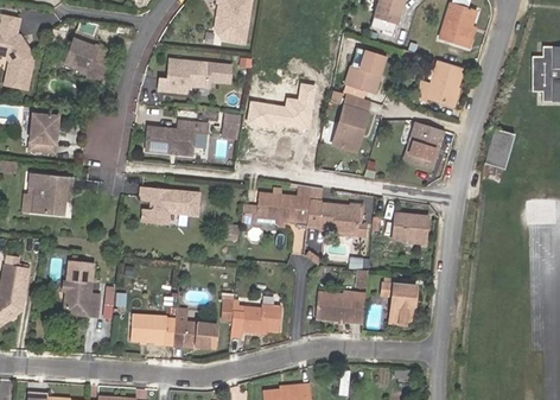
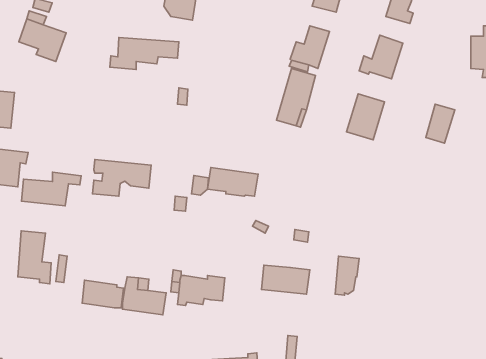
building: [248,82,319,131] -> none
building: [148,121,210,155] -> [21,172,81,206]
building: [308,202,362,237] -> none
building: [392,216,427,242] -> none

